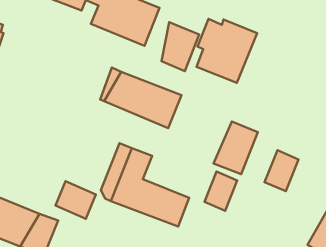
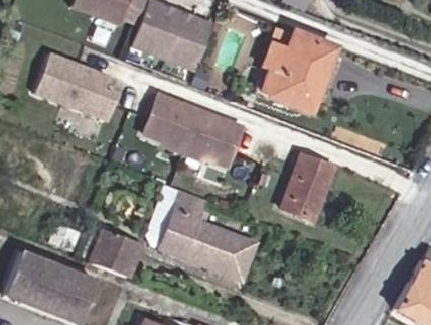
building: [162,22,199,71] -> none
building: none -> [36,47,123,118]
building: [265,150,299,191] -> none
building: [205,172,237,211] -> none

